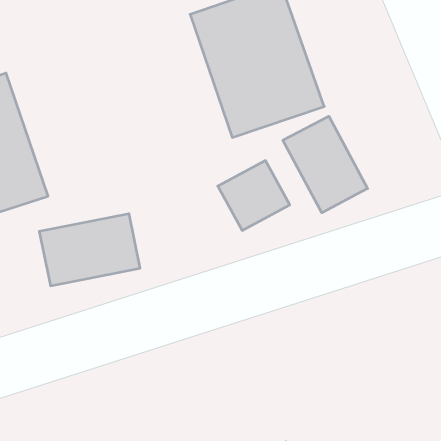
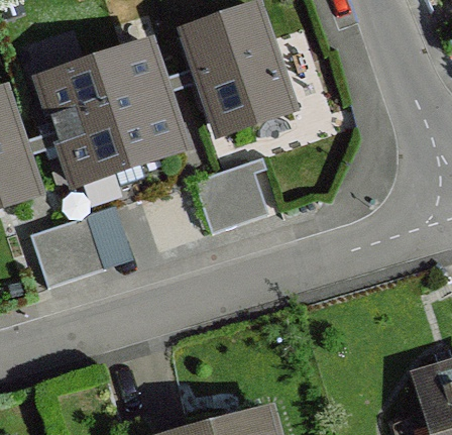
building: none -> [40,51,177,183]
building: [283,116,368,213] -> none

